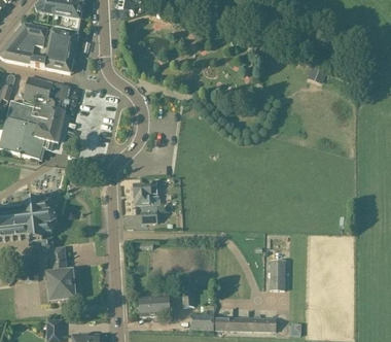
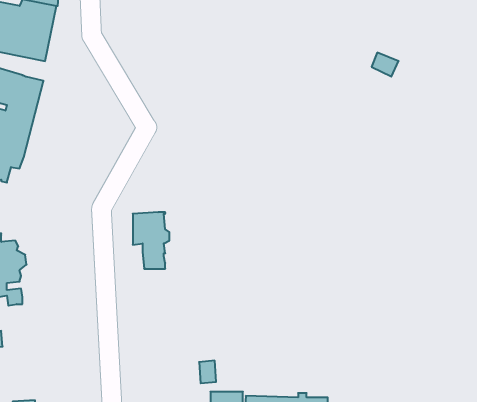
building: [46,245,75,301] -> none
building: [270,259,285,289] -> none
building: [139,295,171,315] -> none

